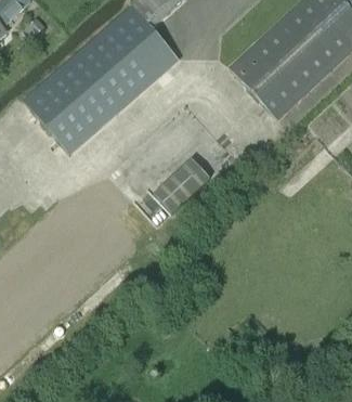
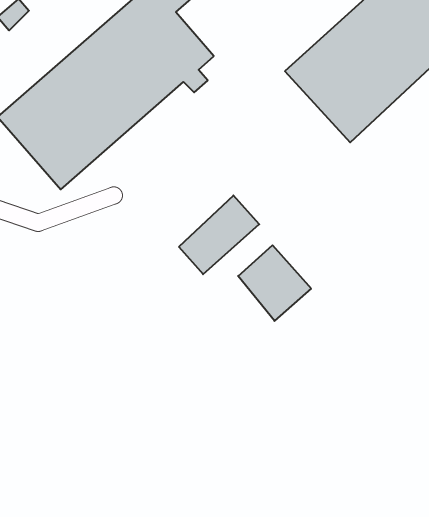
building: none -> [238,245,311,321]

